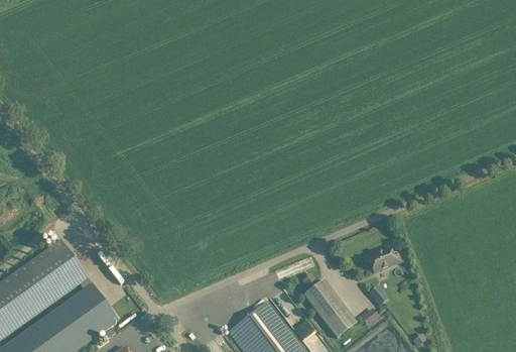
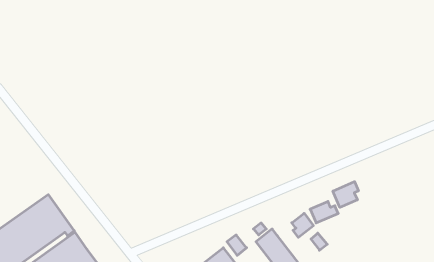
building: none -> [333,182,358,207]
building: none -> [292,213,313,237]

